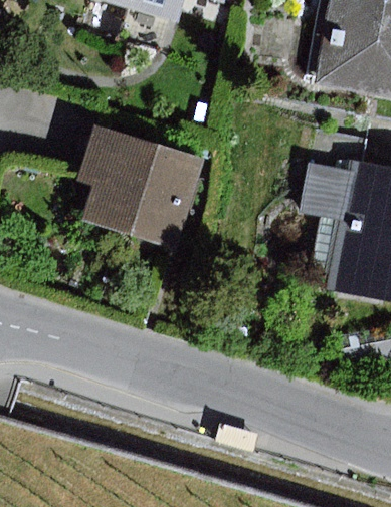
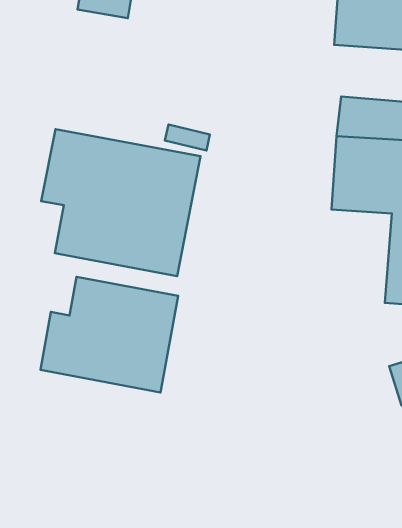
building: none -> [40,277,178,392]

